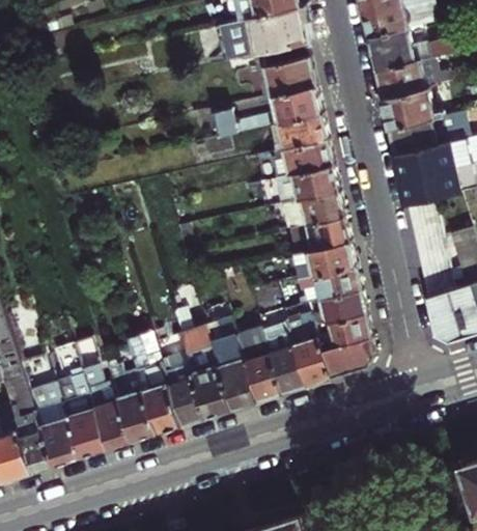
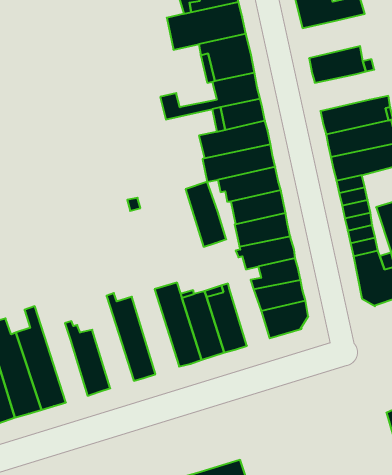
building: [368,29,454,71] -> none
building: [382,88,442,129] -> none
building: [173,308,232,418] -> none
building: [287,315,332,387] -> [186,182,226,247]
building: [128,332,183,434] -> none
building: [74,338,132,449] -> none

